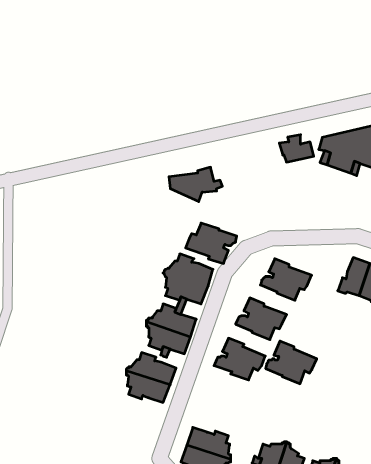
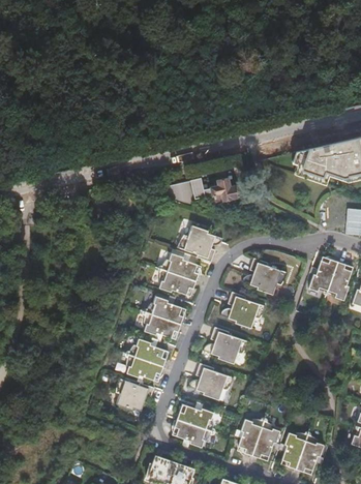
building: [279,135,314,162] -> [209,177,239,201]
building: [266,341,317,384] -> [188,363,233,400]
building: none -> [116,377,154,413]

